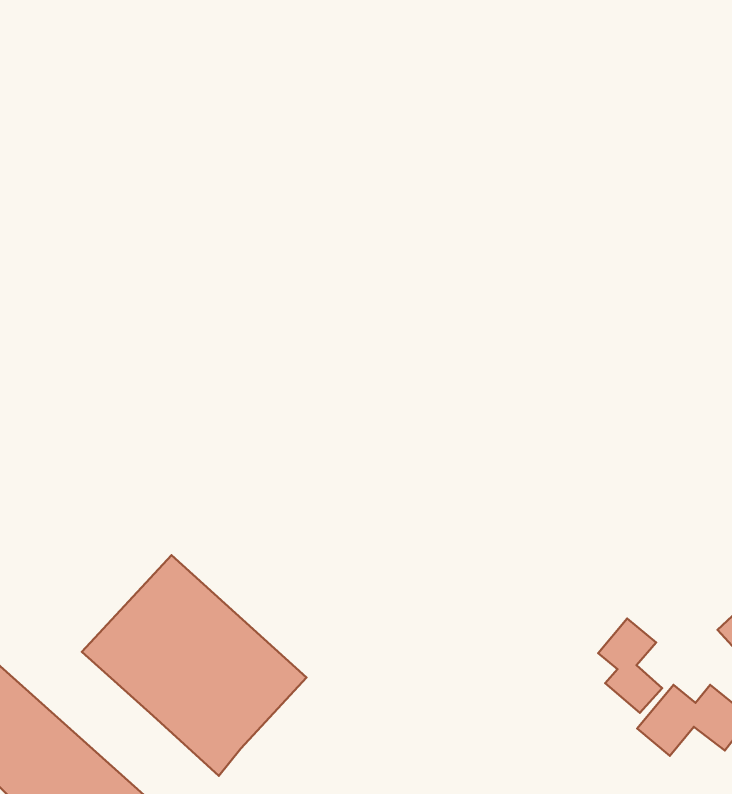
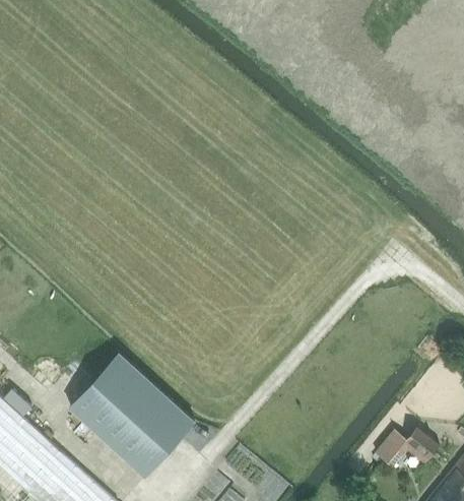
building: [598,618,662,713] -> none

